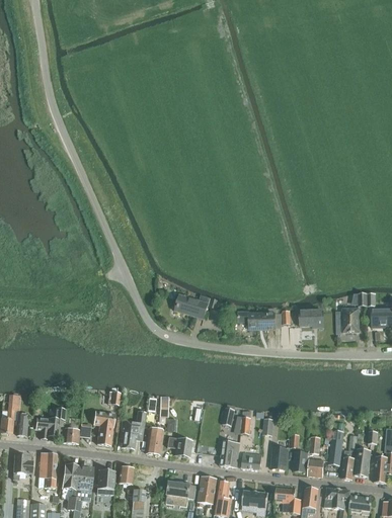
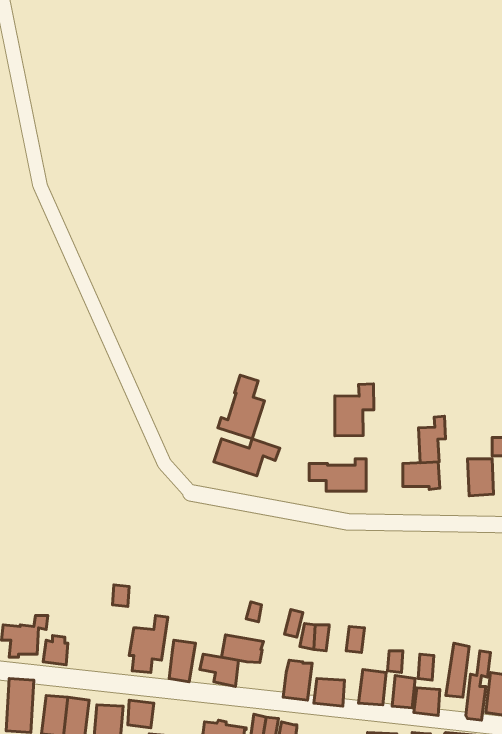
building: none -> [218,375,265,439]
building: none -> [335,384,374,436]
building: none -> [419,416,446,463]
building: [94,411,115,445] -> none
building: none -> [222,635,263,663]

